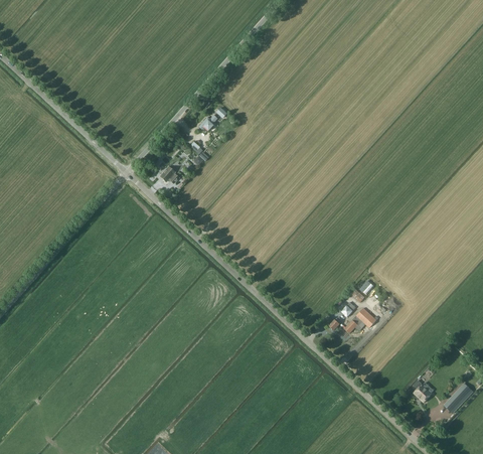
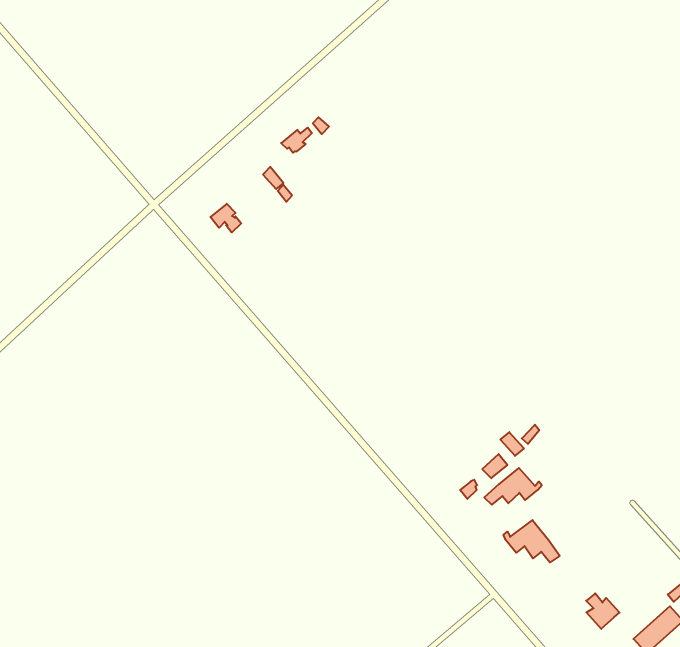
building: none -> [503,520,560,562]

